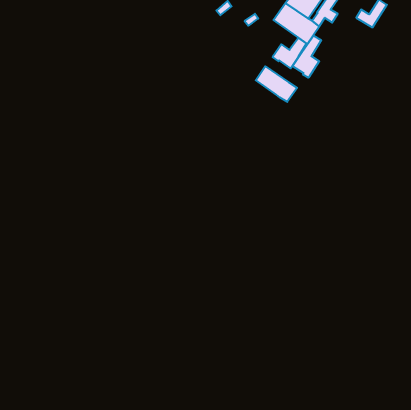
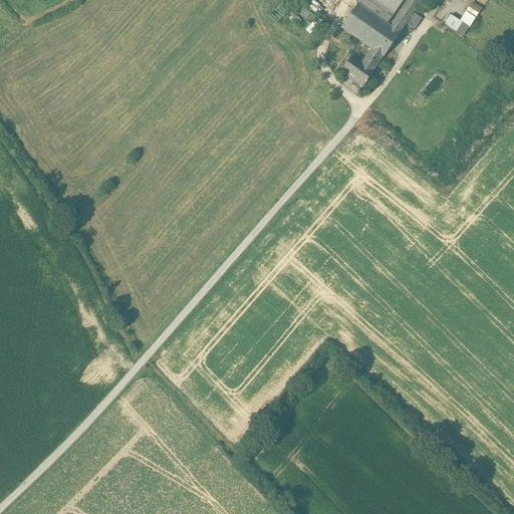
building: [292,35,321,78] -> none
building: [256,66,297,102] -> none

